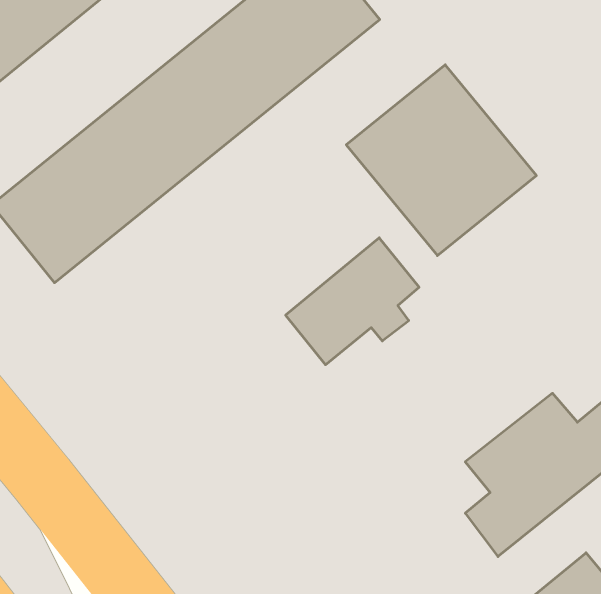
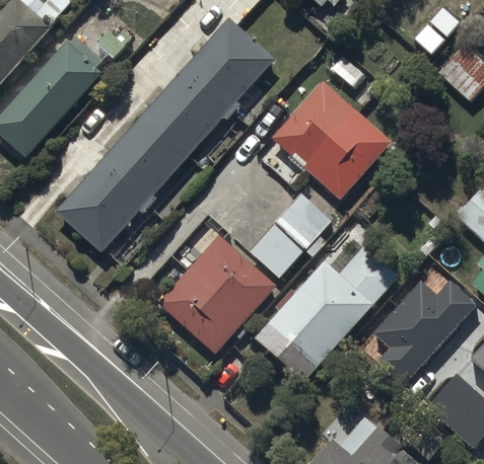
building: none -> [159,235,276,353]
building: none -> [252,245,398,386]

